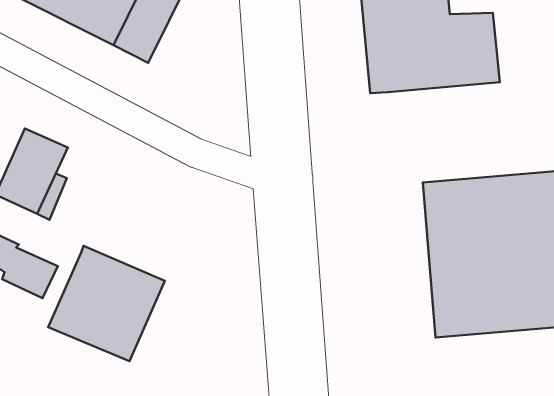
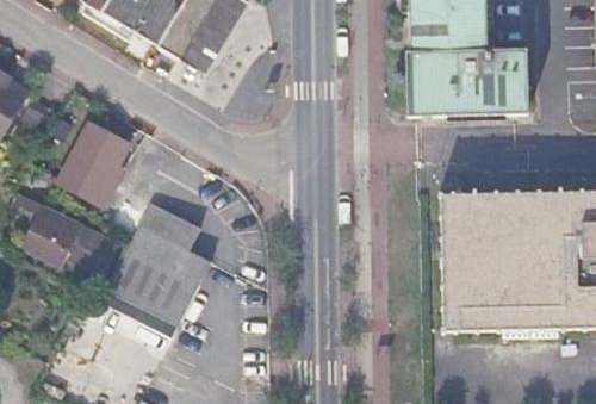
building: none -> [138,201,212,267]

